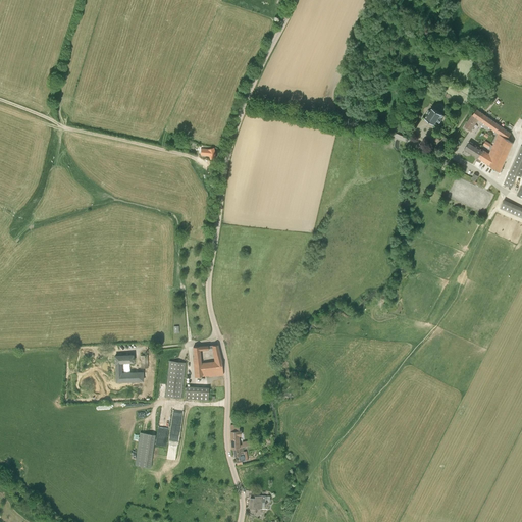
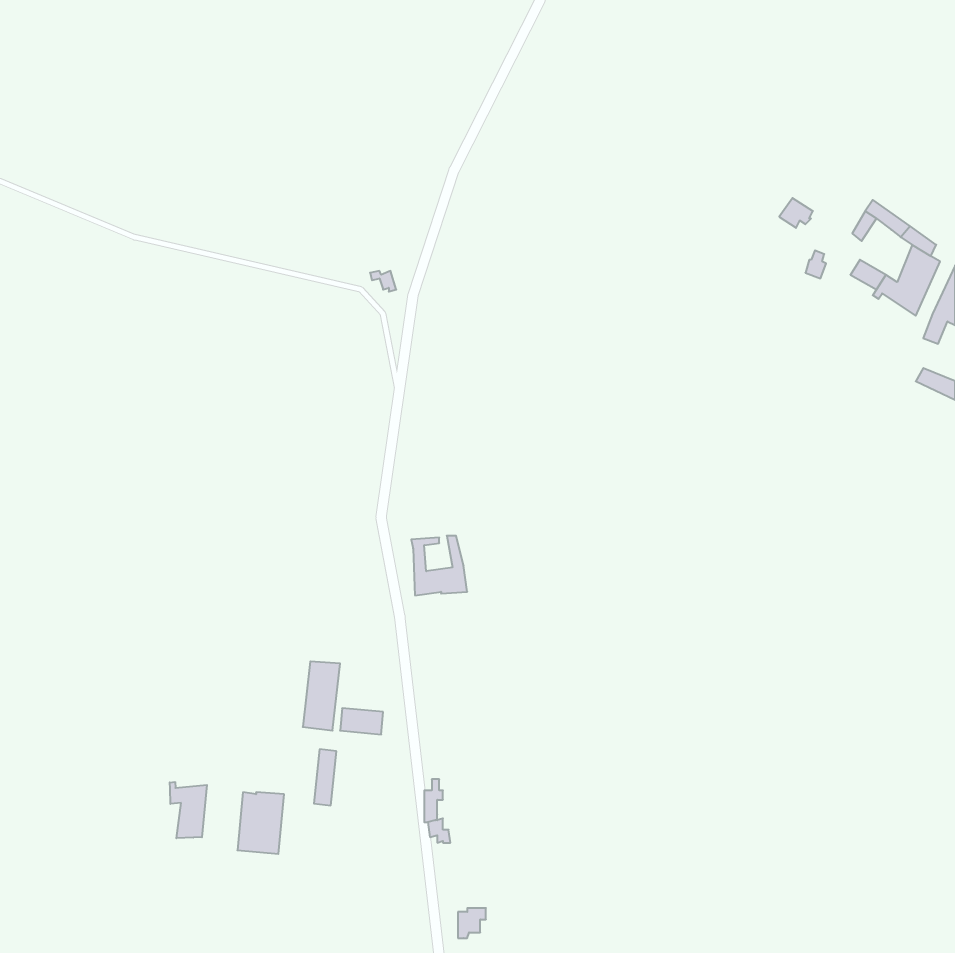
building: [193,346,223,378] -> [411,536,467,595]
building: [115,356,143,383] -> none
building: none -> [170,782,207,838]

